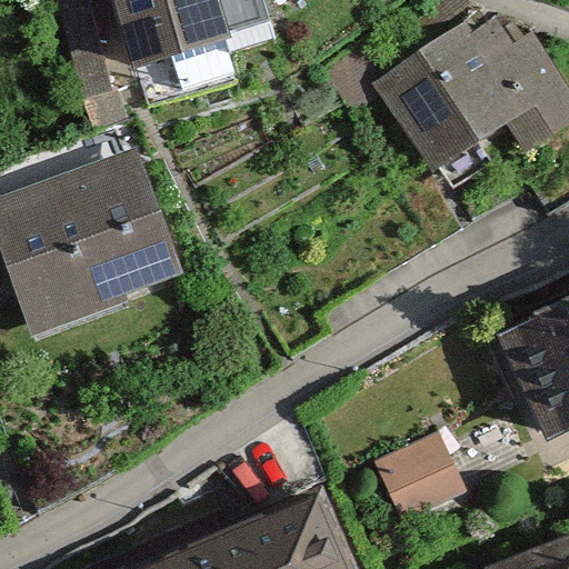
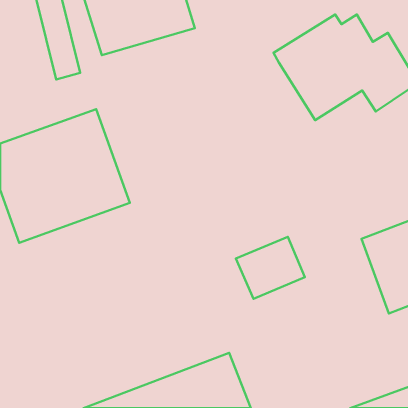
building: [376,439,471,525] -> [236,237,305,299]

